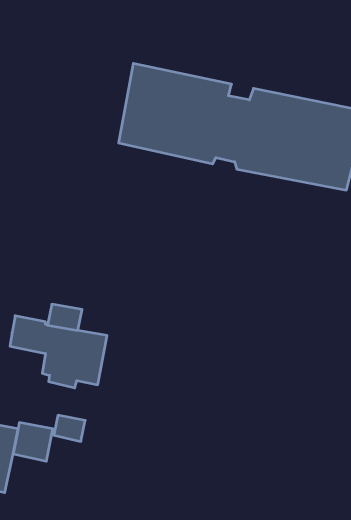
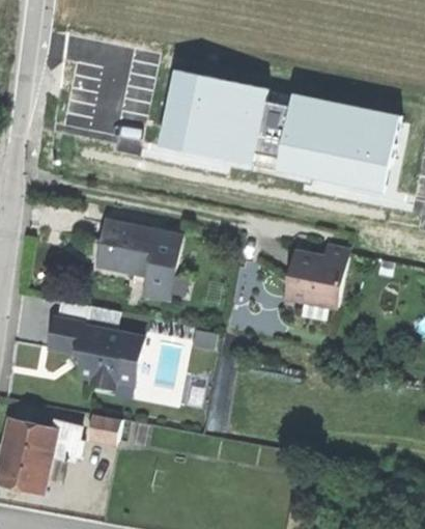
building: none -> [96,222,179,299]
building: none -> [286,248,348,309]

